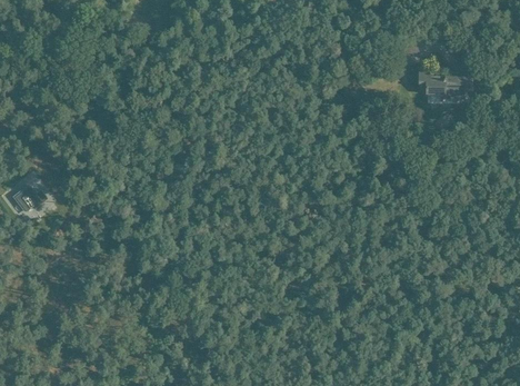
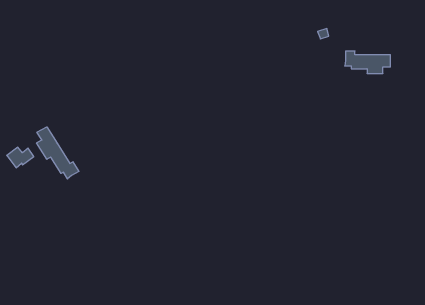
building: none -> [37,127,79,179]

